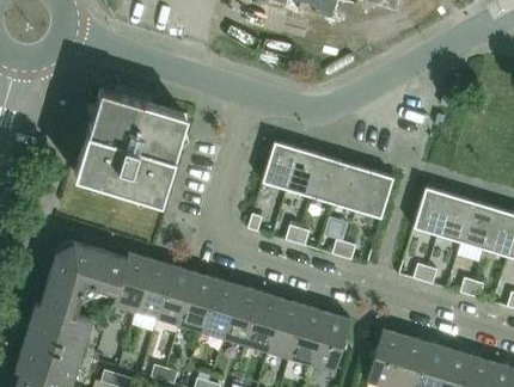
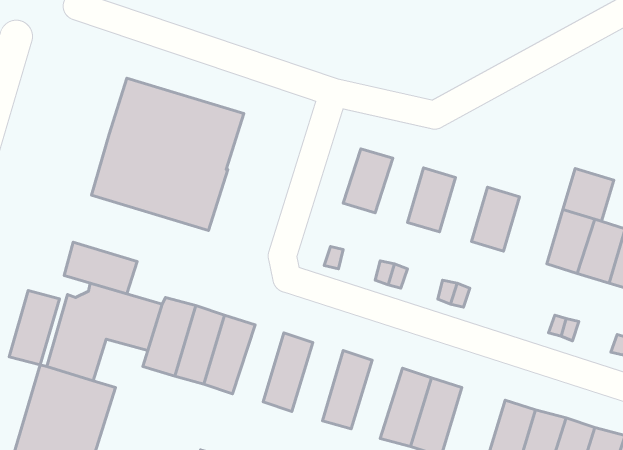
building: [286,149,322,197] -> none
building: none -> [563,169,614,221]
building: [334,164,369,211] -> none
building: none -> [64,242,137,294]
building: none -> [9,291,59,365]
building: [179,274,218,331] -> none
building: [224,287,262,345] -> none
building: [268,300,306,358] -> none

